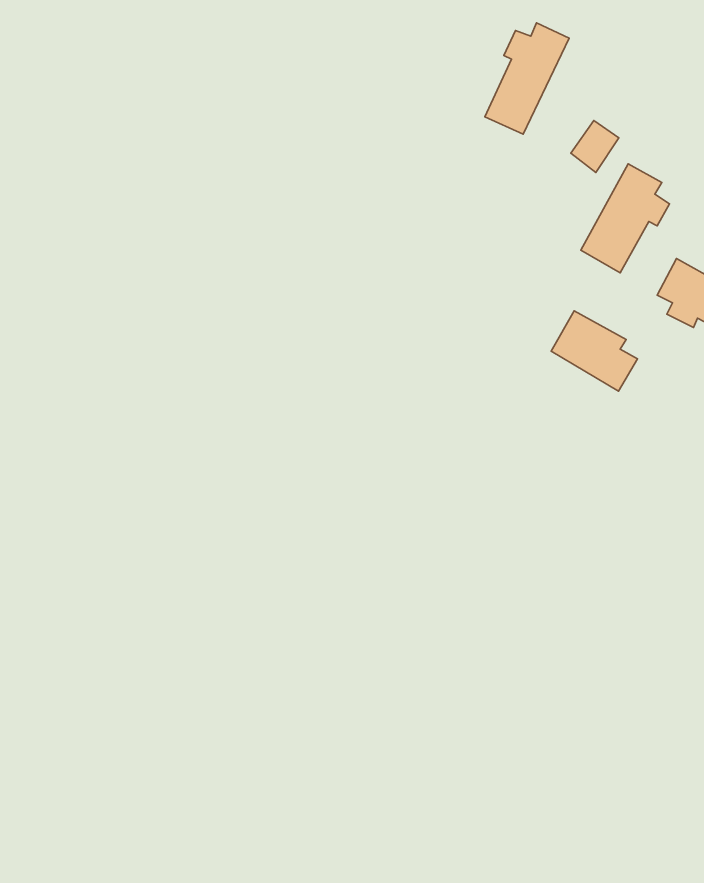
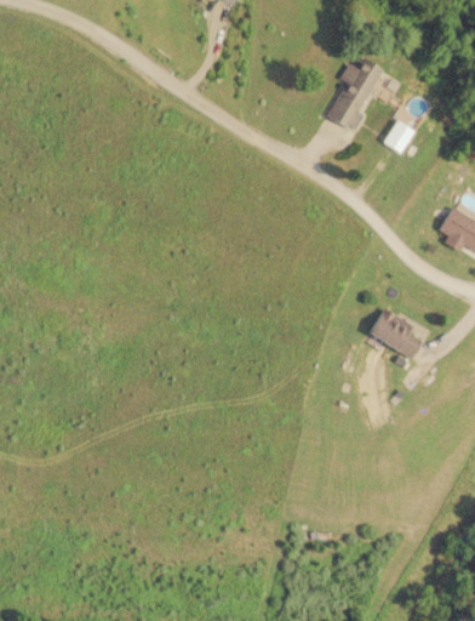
building: [581,164,670,273] -> none
building: [551,311,638,391] -> [367,308,422,359]

